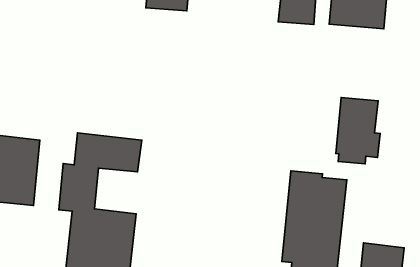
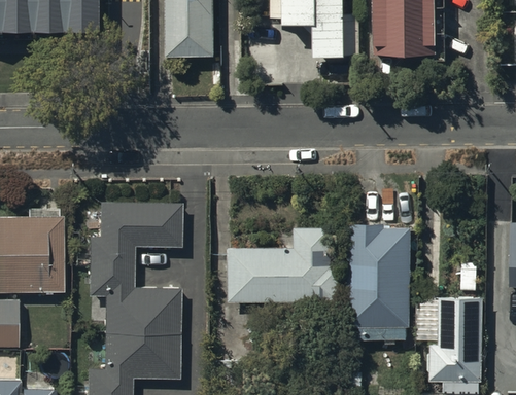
building: [336,97,380,164] -> none
building: none -> [227,228,338,303]

